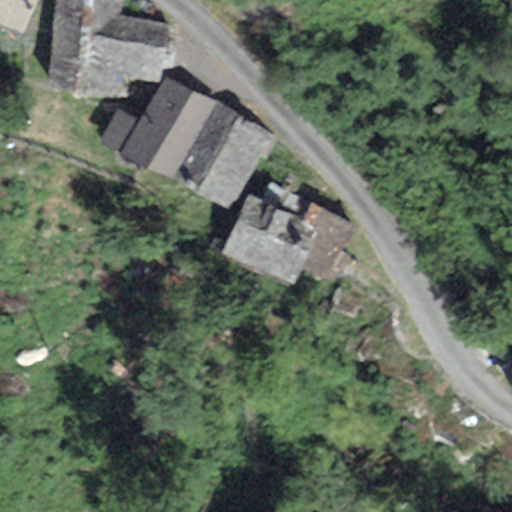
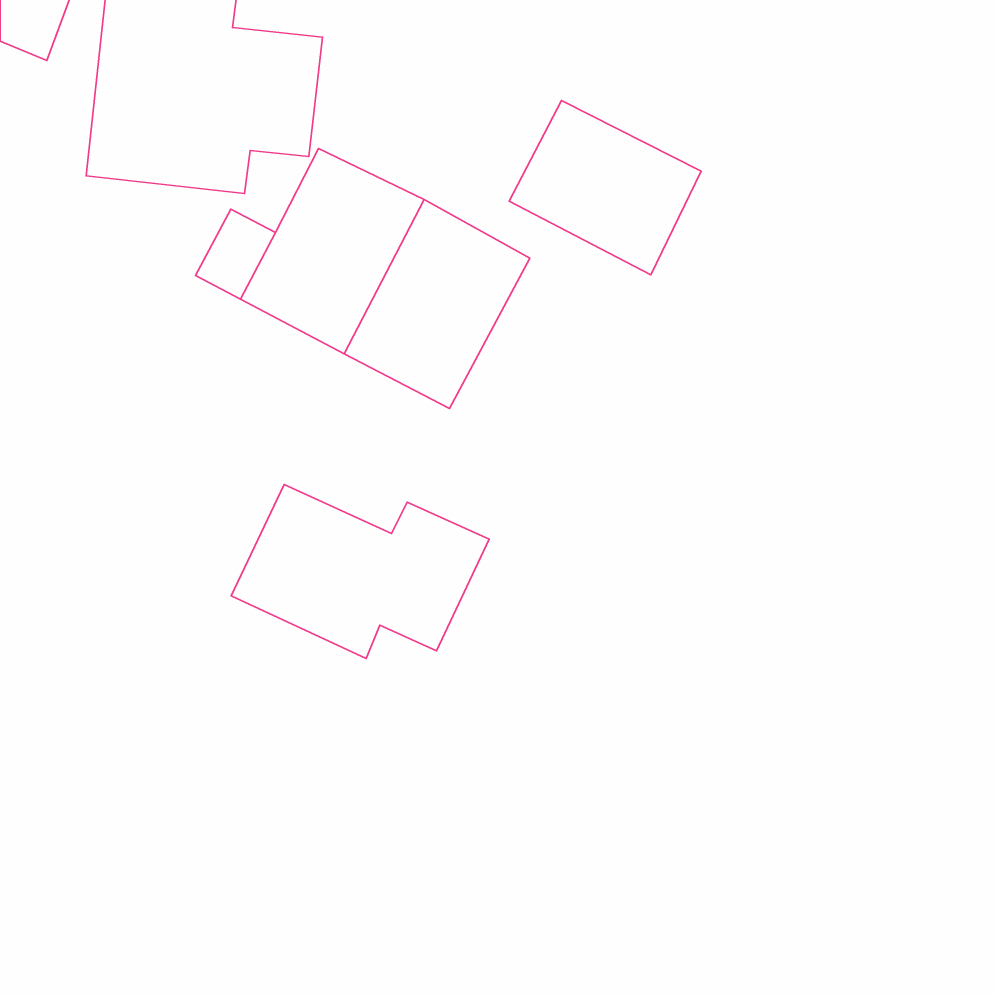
building: none -> [509,100,701,275]
building: [222,195,354,284] -> [231,485,489,659]

